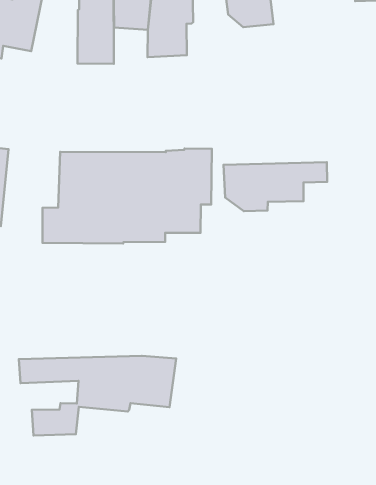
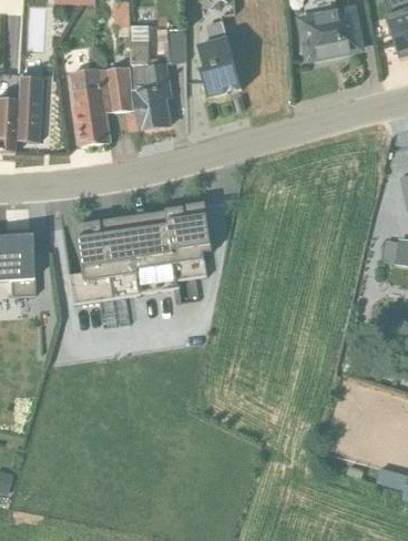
building: [224,162,327,211] -> none
building: [19,356,176,435] -> none

